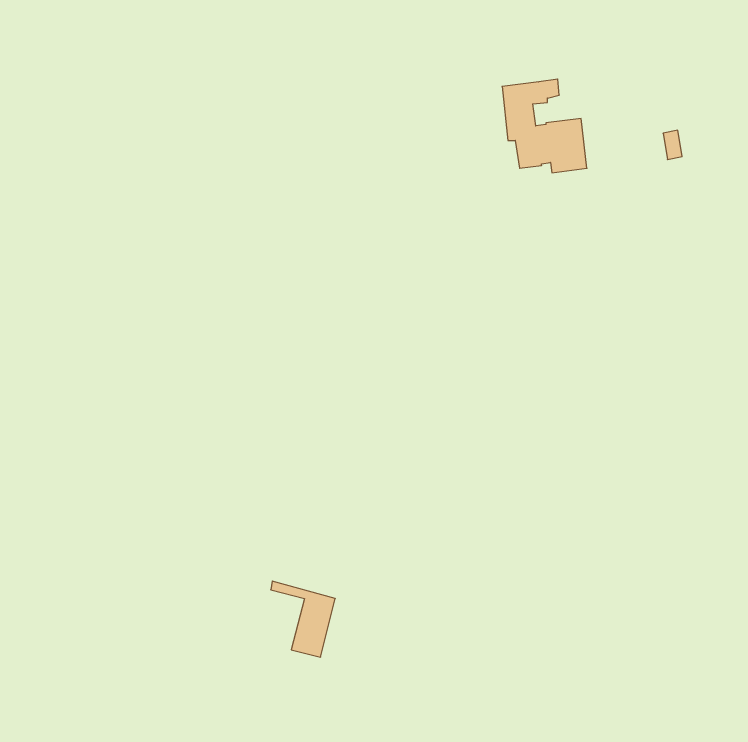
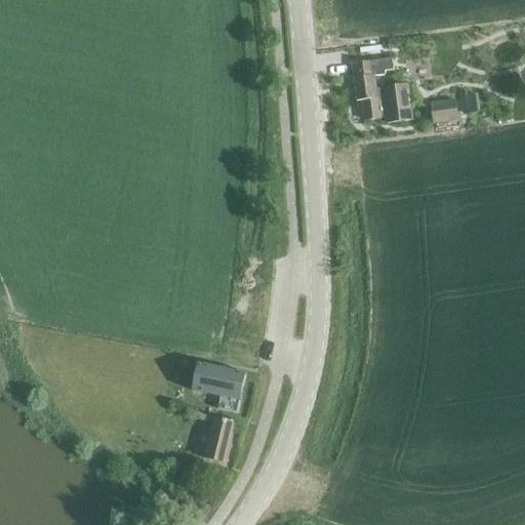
building: none -> [430,98,457,122]
building: none -> [192,360,246,410]

